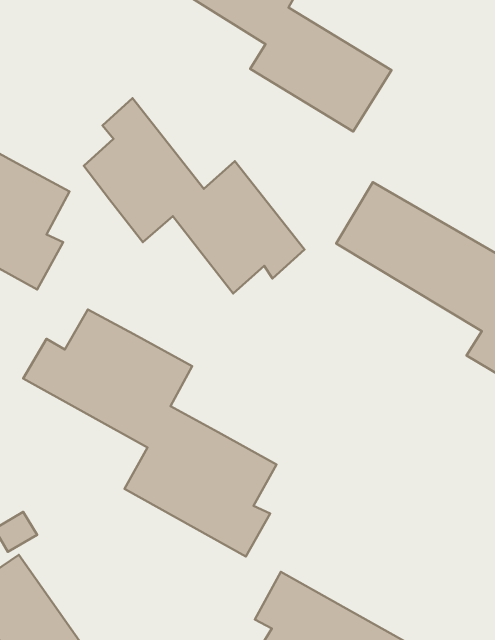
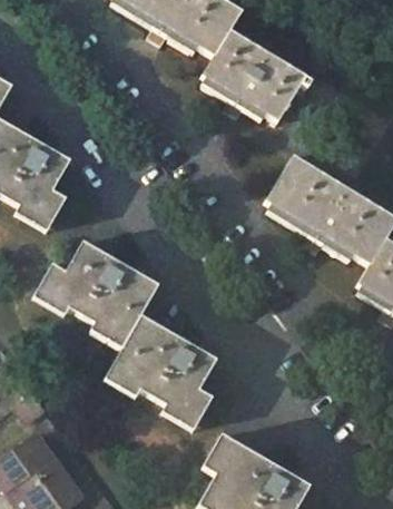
building: [84,98,305,293] -> none

